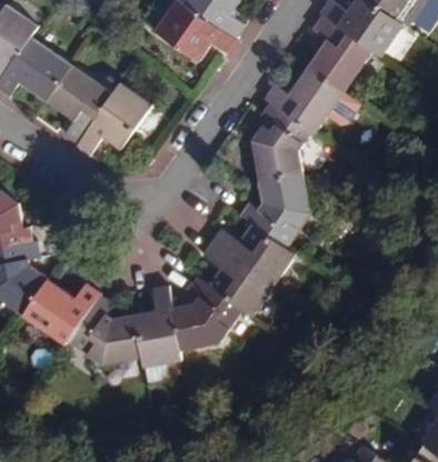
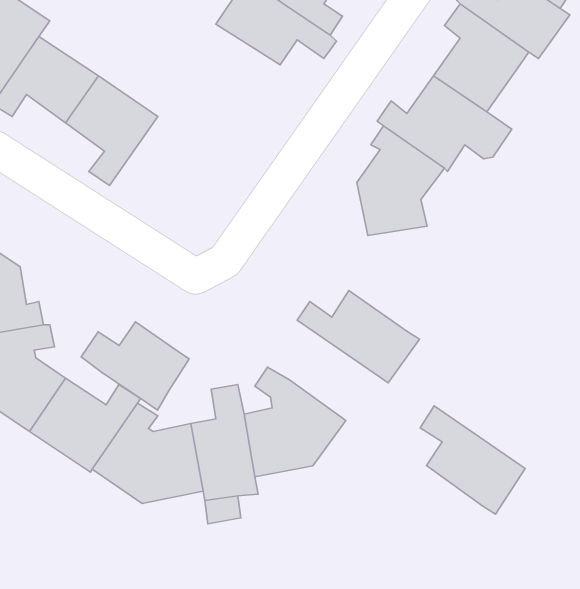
building: [79,82,151,151] -> none
building: [241,170,312,244] -> none
building: [202,237,277,313] -> [420,406,525,514]
building: none -> [81,322,189,410]

